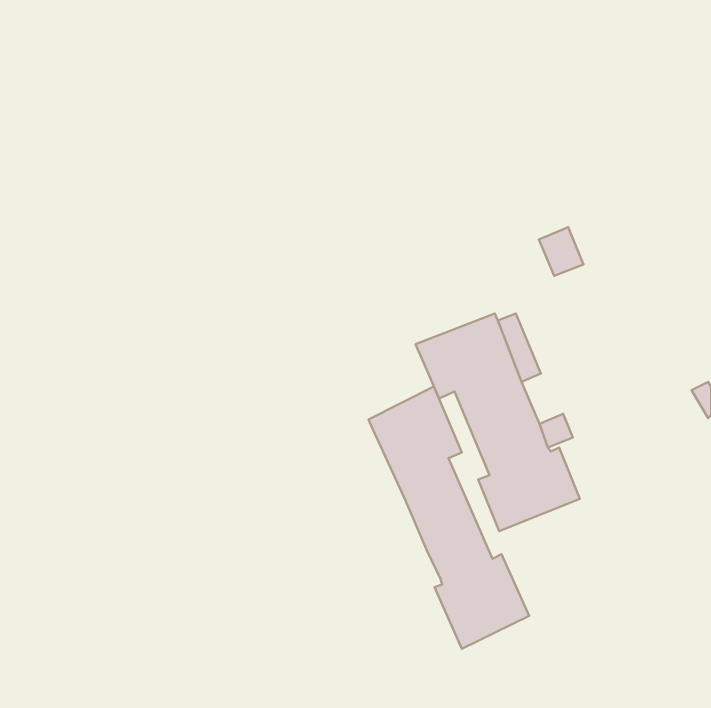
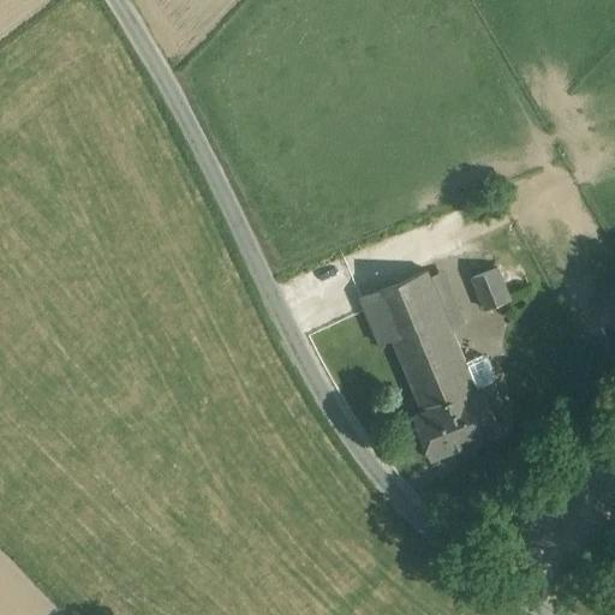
building: [539,227,583,276] -> [471,270,509,312]
building: [368,386,529,649] -> none

